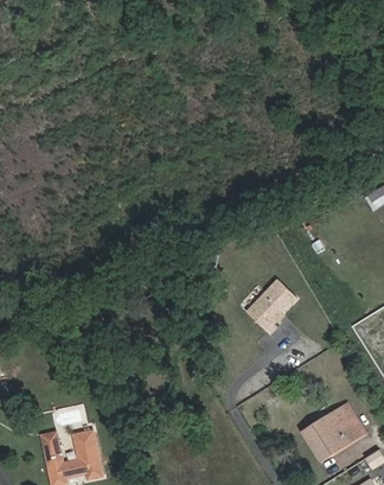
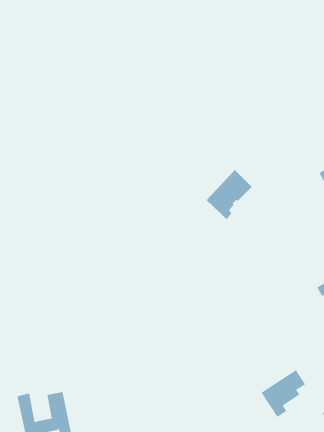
building: [247,280,296,334] -> [206,169,253,220]
building: [327,404,364,453] -> none

